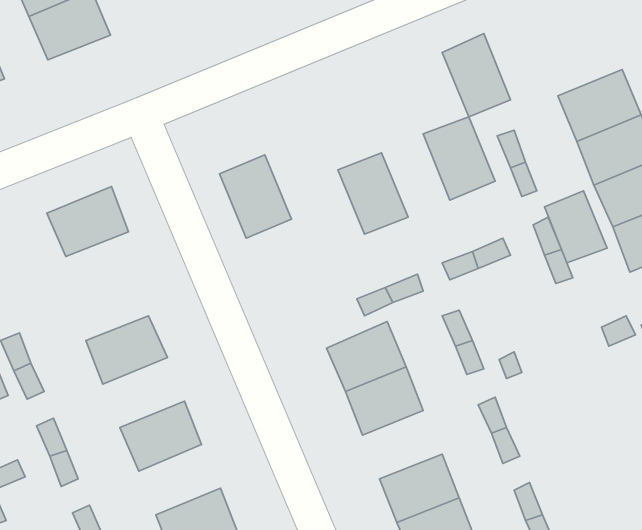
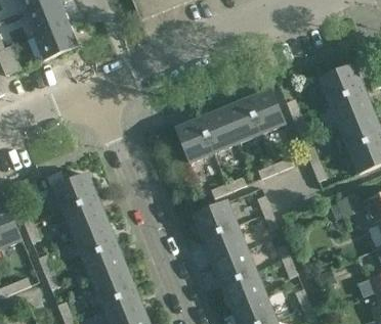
building: [442,33,510,117] -> [223,99,260,144]
building: [220,155,292,238] -> [175,119,214,164]
building: [47,187,128,257] -> [53,173,97,211]
building: [545,191,607,263] -> none
building: none -> [73,220,117,258]
building: none -> [213,248,256,285]
building: none -> [92,267,136,305]

